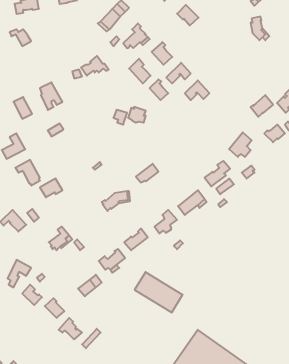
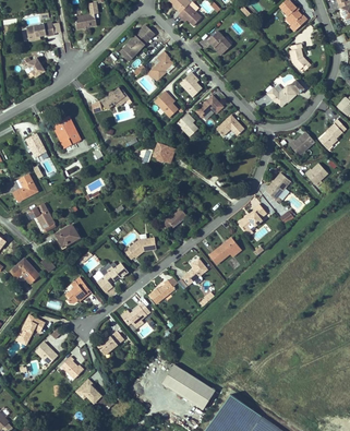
building: none -> [266,80,302,106]
building: none -> [96,262,128,292]
building: [135,272,183,312] -> [161,364,215,409]

